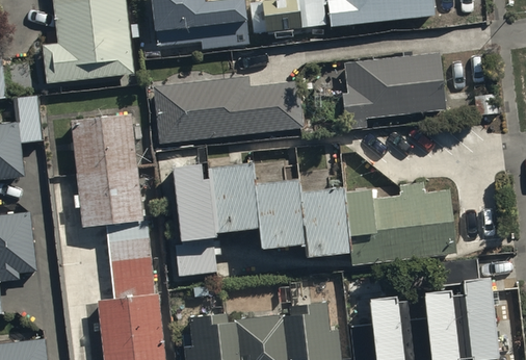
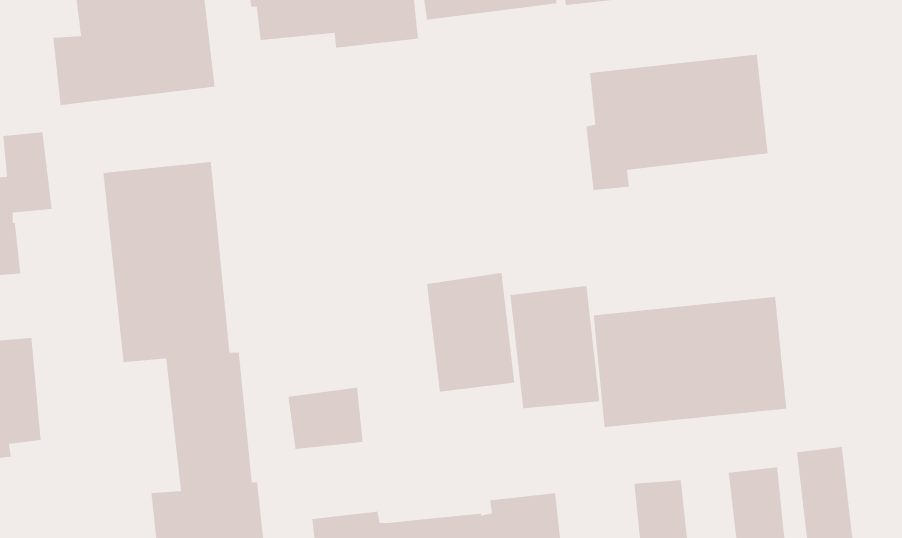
building: [152,76,303,144] -> none
building: [206,157,257,229] -> none
building: [169,159,210,236] -> none

